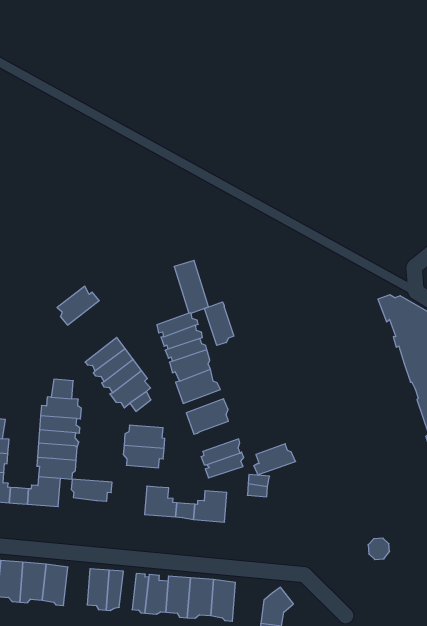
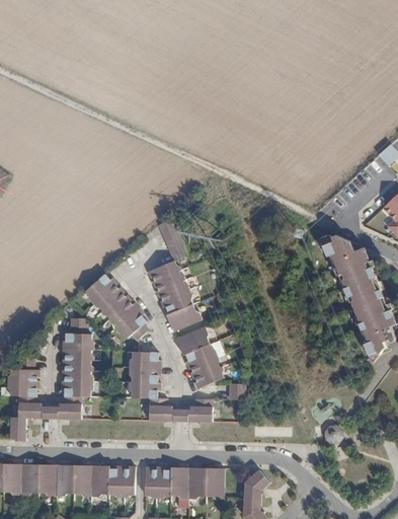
building: [57,286,99,325] -> [84,274,116,305]
building: [204,302,234,345] -> none
building: [254,444,296,475] -> [185,343,218,369]
building: [71,479,112,501] -> [129,383,160,398]
building: none -> [91,466,109,497]

